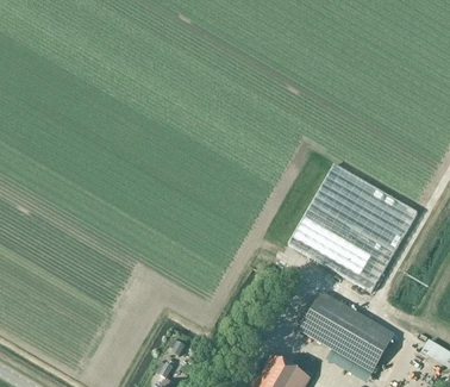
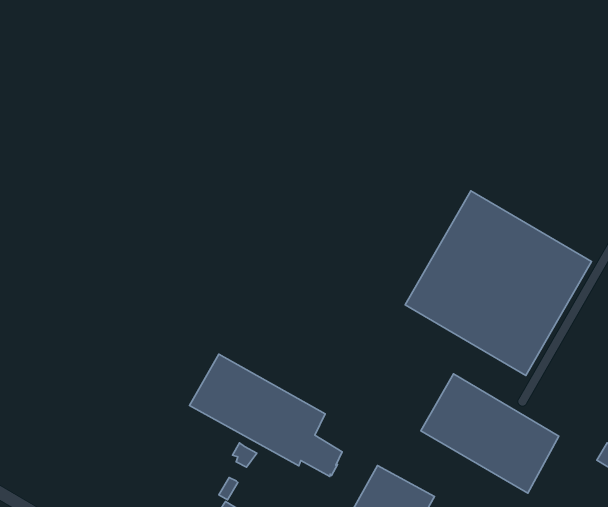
building: none -> [189,354,342,476]

